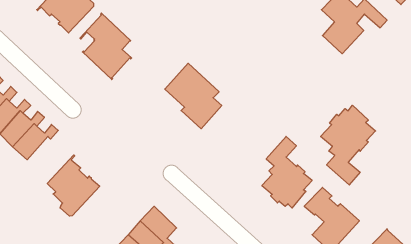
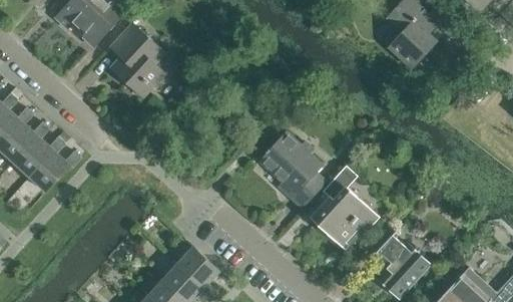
building: [165,63,222,129] -> [260,131,326,208]
building: [321,105,376,185] -> none
building: [47,155,100,216] -> none

